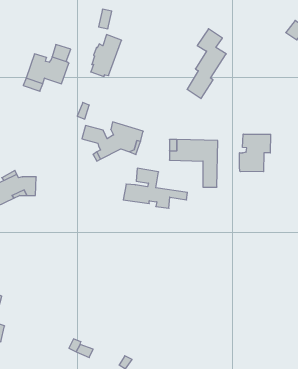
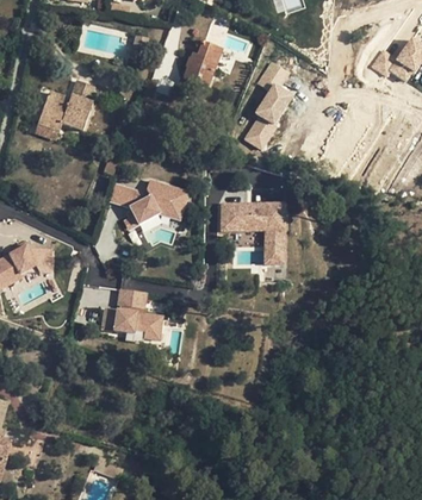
building: [91,35,122,77] -> [182,40,222,94]
building: [239,134,271,172] -> none
building: [123,168,187,208] -> [101,288,184,339]

